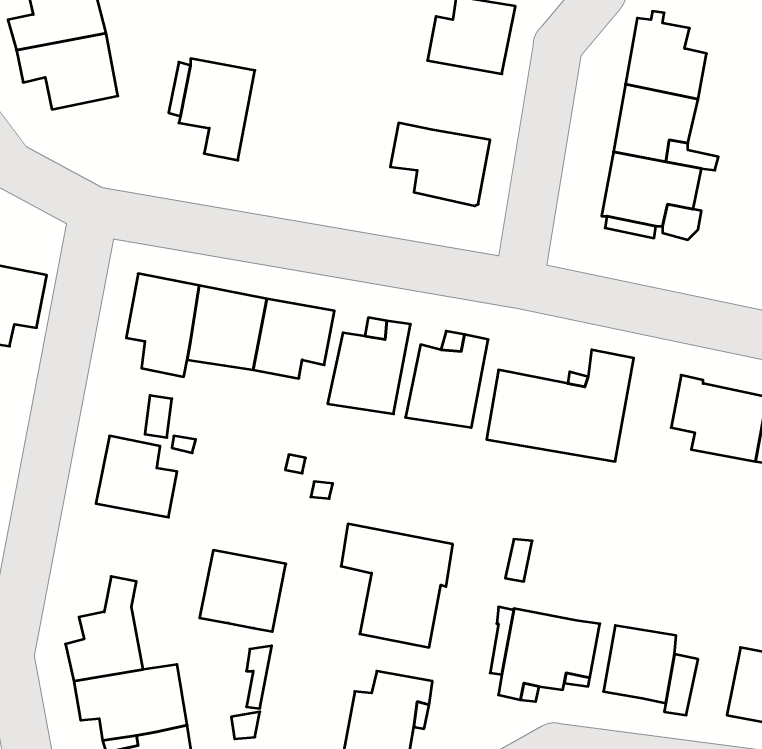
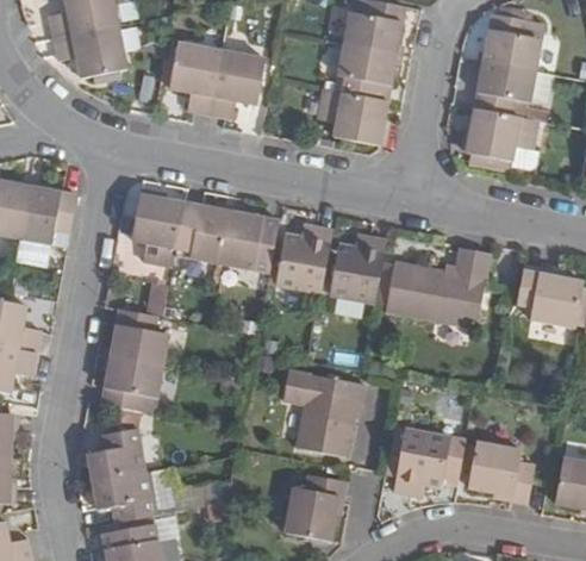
building: none -> [338,44,397,100]
building: none -> [211,51,264,118]
building: [200,550,286,632] -> [101,356,162,413]

